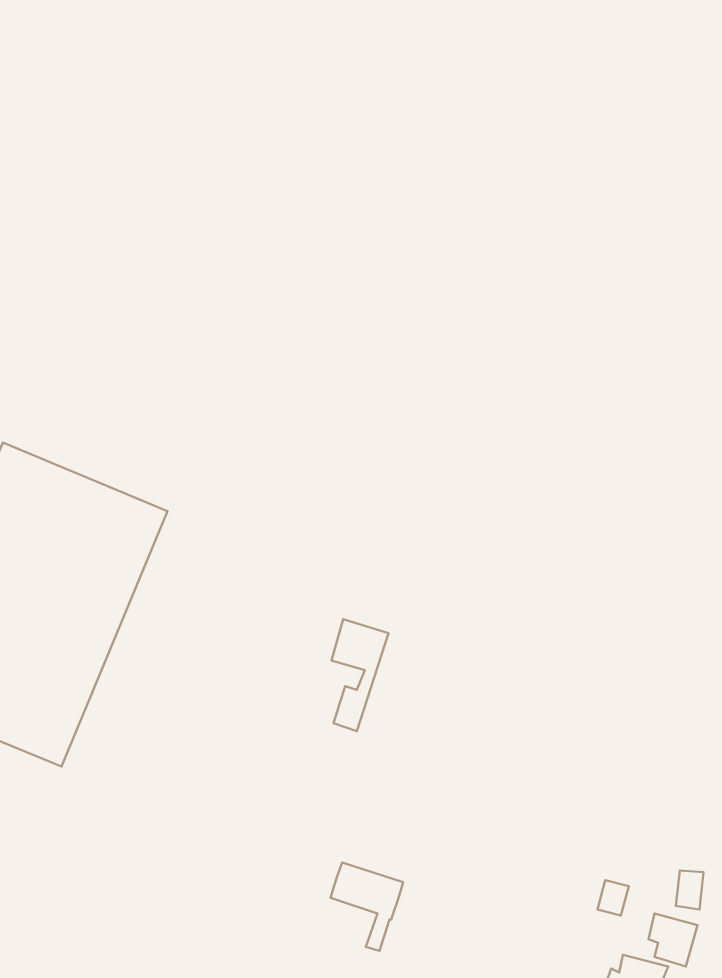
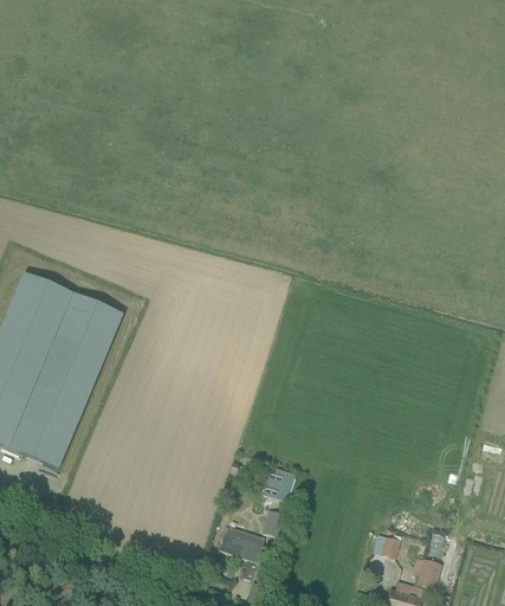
building: [331,619,388,731] -> [260,469,294,536]

